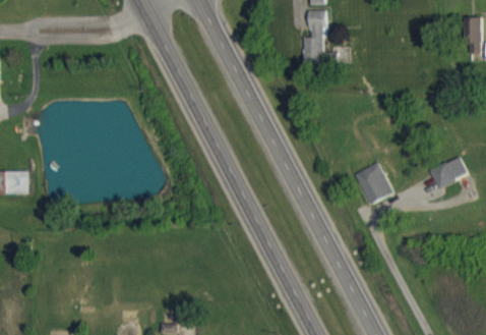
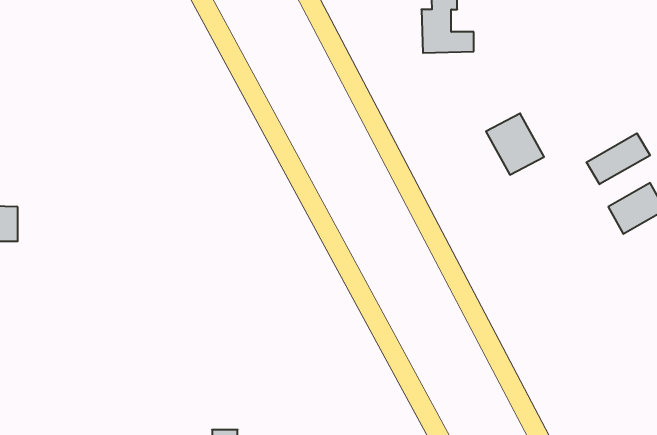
building: none -> [586,133,650,184]
building: [353,162,392,204] -> [486,113,544,175]

